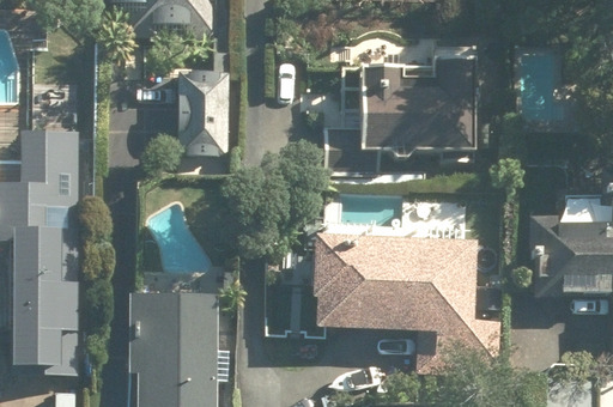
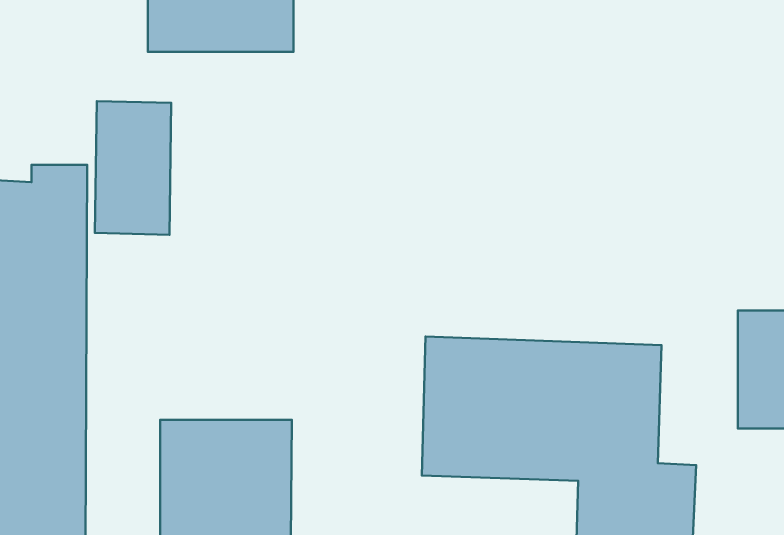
building: [321,43,475,171] -> none
building: [176,67,229,159] -> [95,101,171,235]

